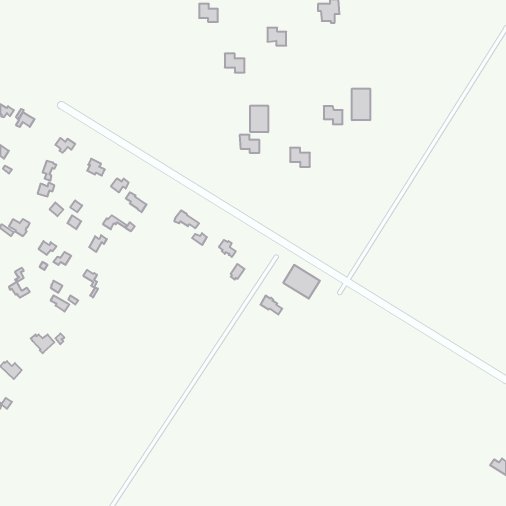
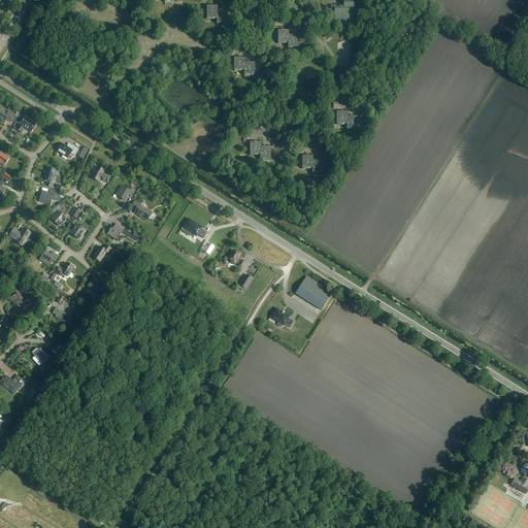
building: [352,89,370,120] -> none
building: [250,106,268,132] -> none

